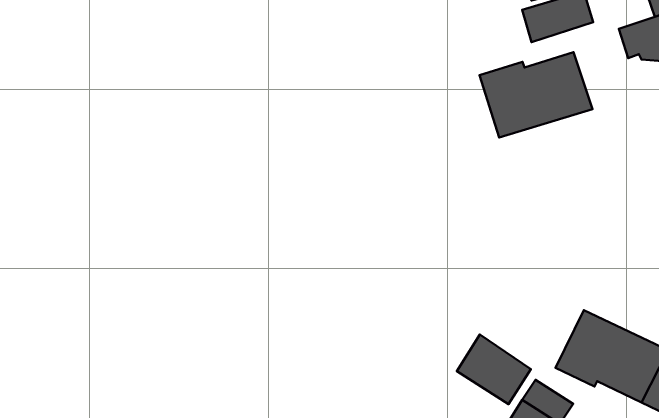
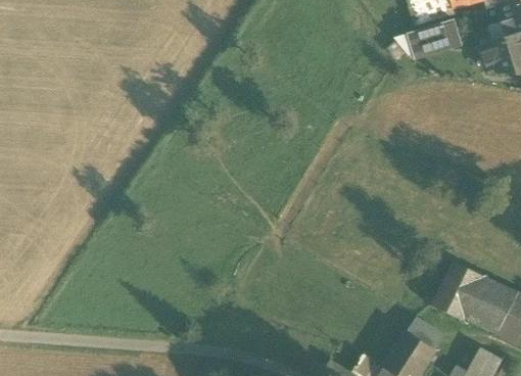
building: [480,52,593,138] -> none
building: [457,334,531,404] -> none

